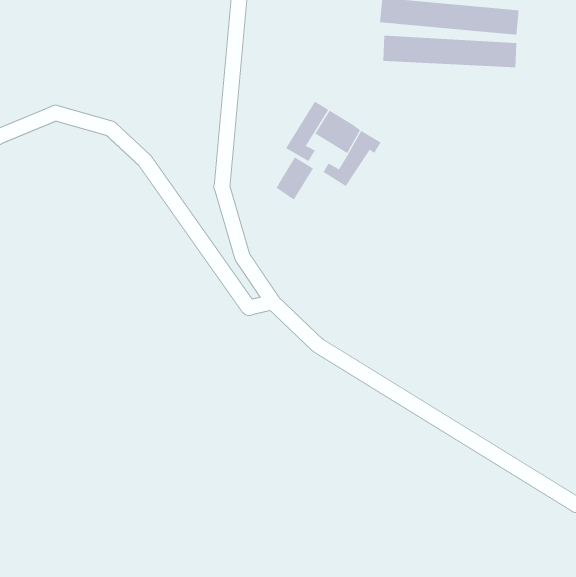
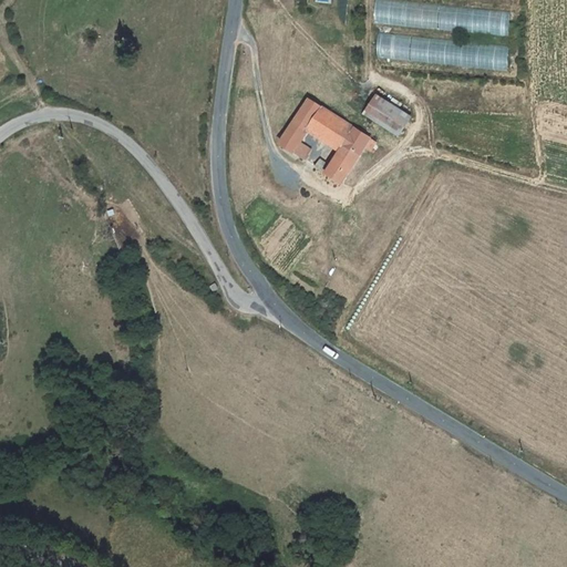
building: none -> [363,93,411,136]
building: [276,156,314,200] -> none

